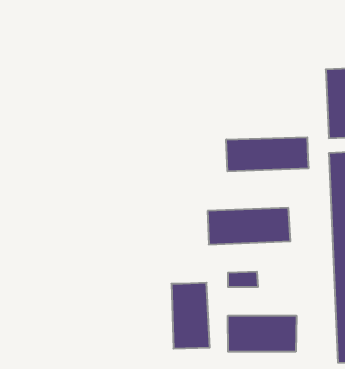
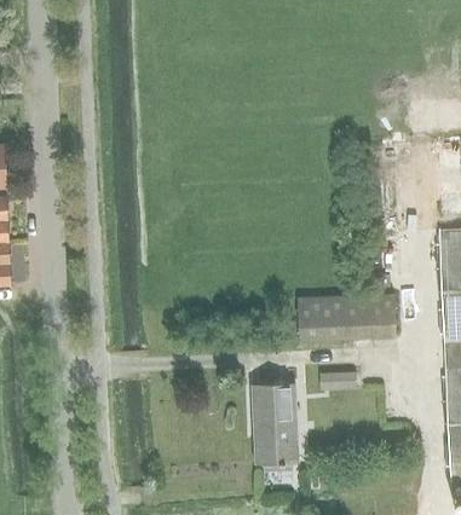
building: [226,137,308,171] -> none
building: [228,316,296,352] -> none

